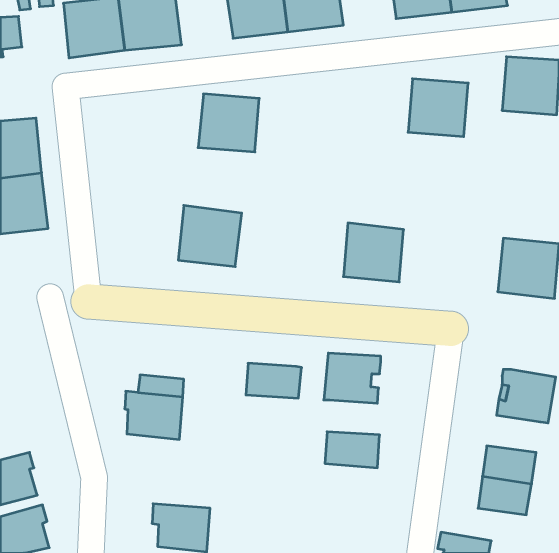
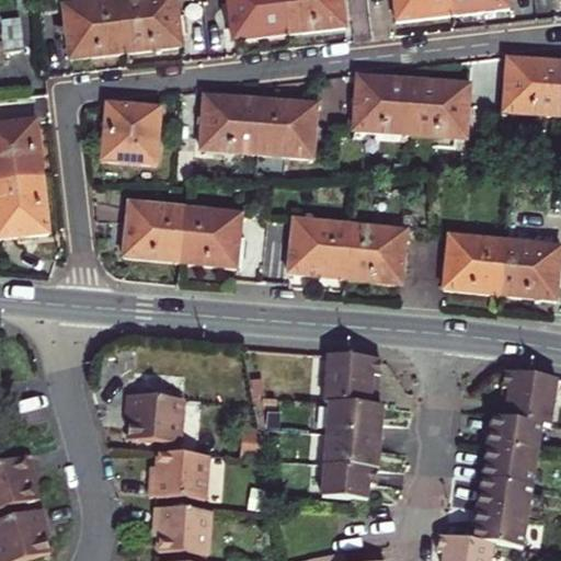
building: none -> [353,75,413,133]
building: none -> [255,99,317,157]
building: none -> [102,102,160,163]
building: none -> [125,201,184,261]
building: none -> [289,217,348,277]
building: none -> [444,233,504,293]
building: [246,363,302,398] -> [328,401,383,436]
building: none -> [488,415,541,454]
building: none -> [148,450,208,499]
building: none -> [322,465,378,499]
building: none -> [474,510,527,548]

